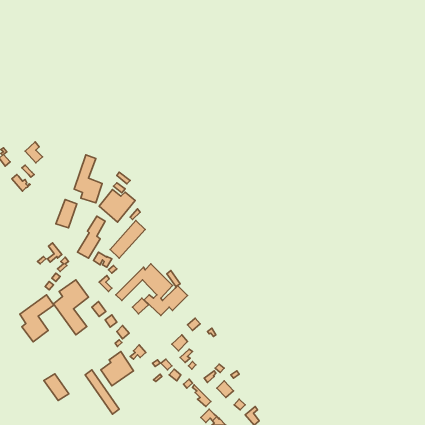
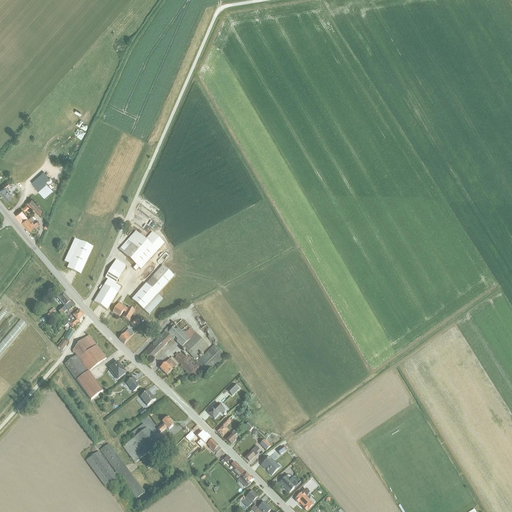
building: [74,155,102,203] -> none
building: [20,295,54,342] -> none
building: [44,374,69,400] -> [86,453,116,485]

